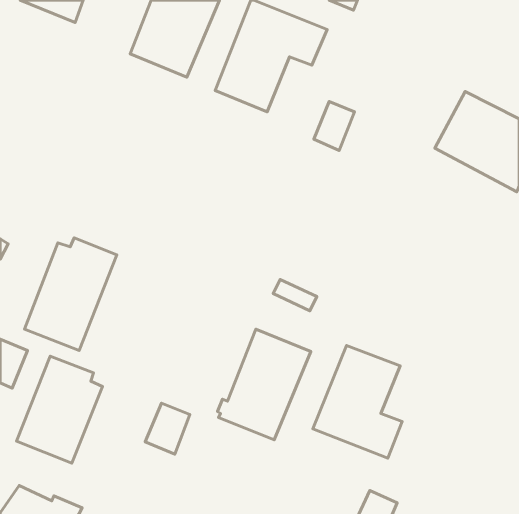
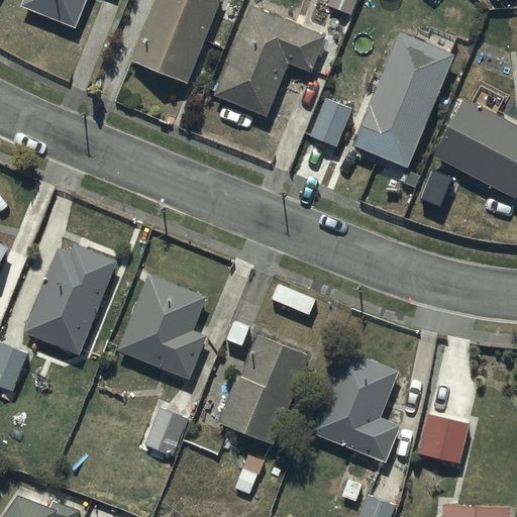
building: none -> [359,44,455,176]
building: none -> [117,273,207,379]
building: [17,356,103,463] -> none
building: none -> [422,421,471,469]

